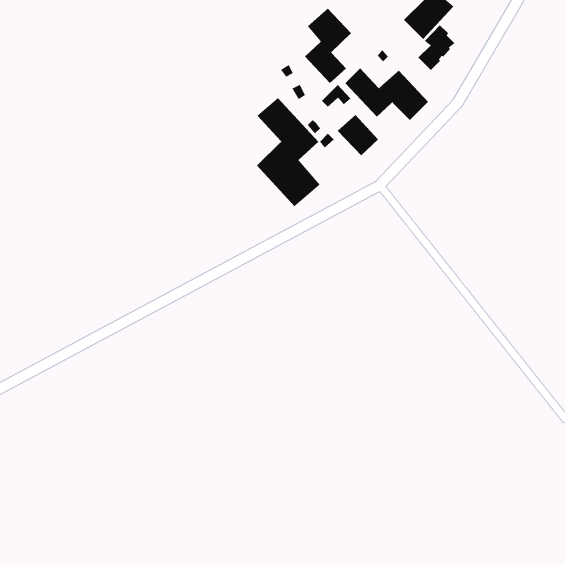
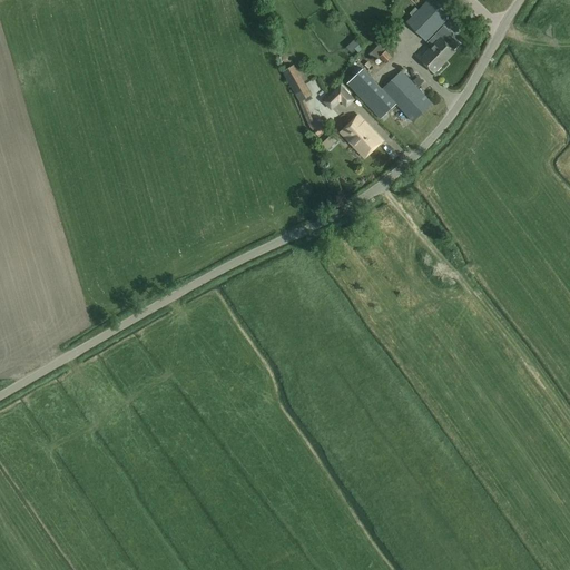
building: [304,8,352,84] -> none
building: [256,97,320,207] -> none

